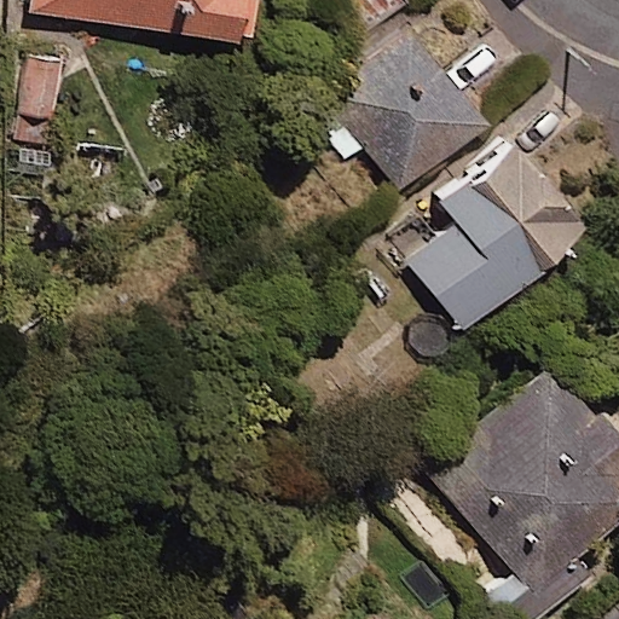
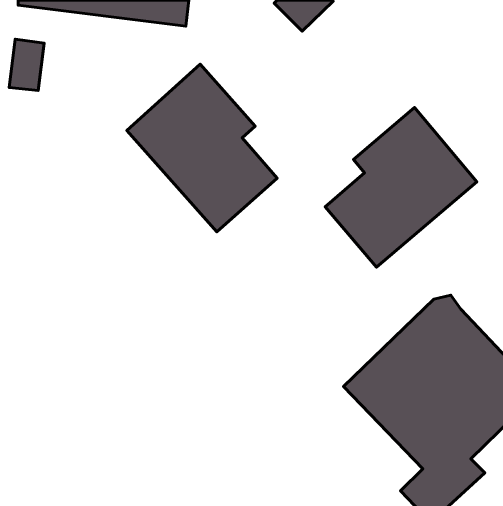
building: [311,29,487,192] -> none
building: none -> [127,64,277,232]

